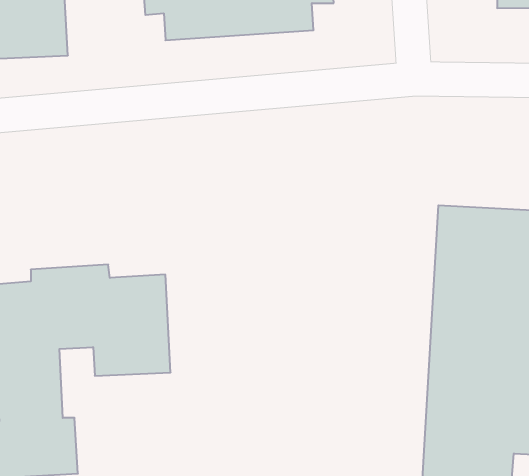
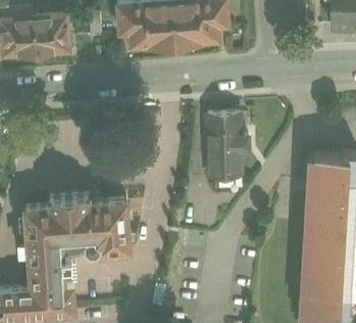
building: none -> [204,112,251,183]

